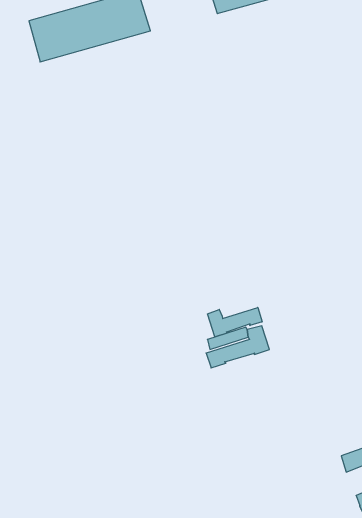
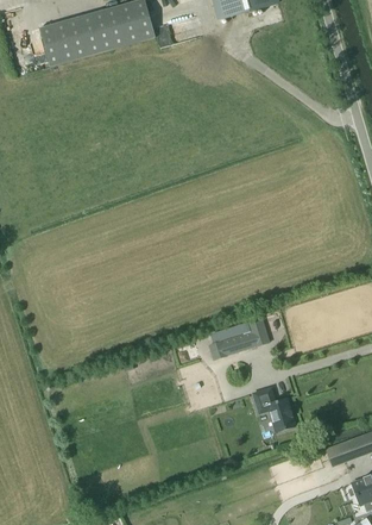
building: [208,307,262,337] -> none
building: none -> [253,387,296,431]

